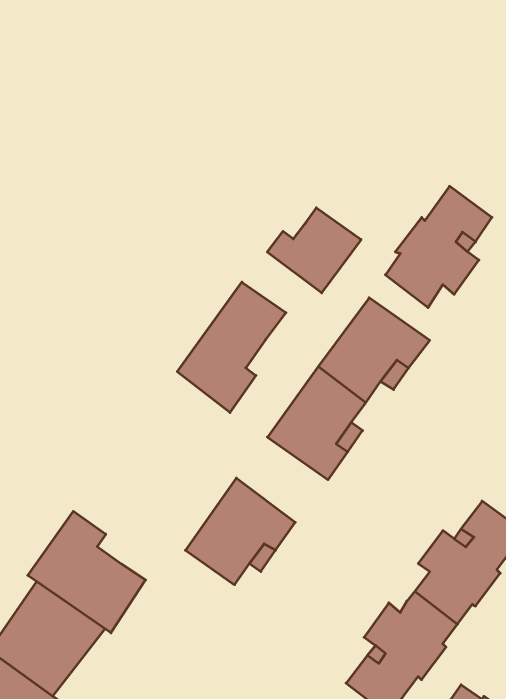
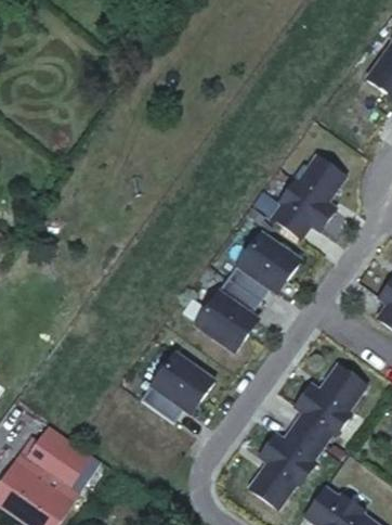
building: [267,208,361,293] -> none
building: [177,282,286,413] -> none
building: [28,511,146,633] -> none

